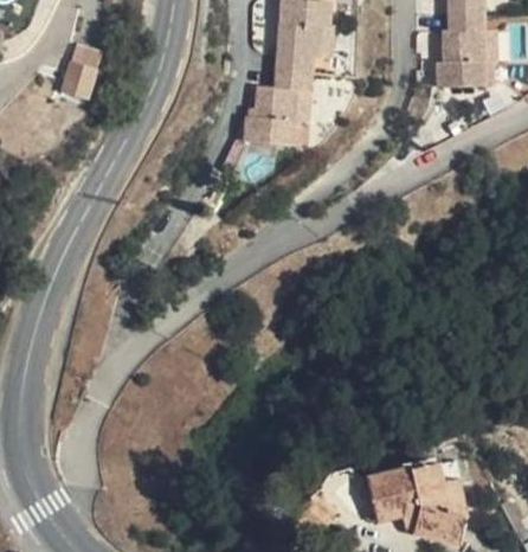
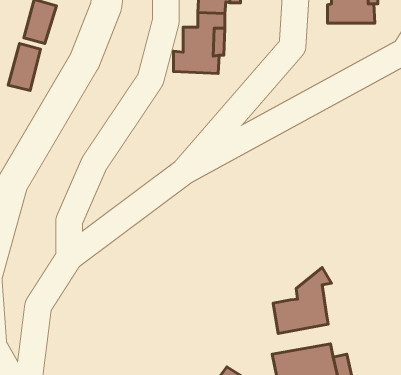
building: none -> [8,43,40,91]
building: none -> [273,268,331,333]

